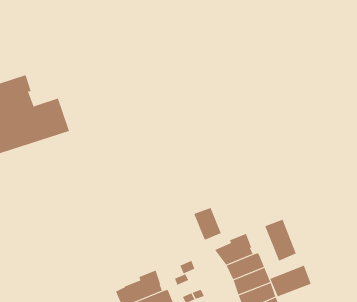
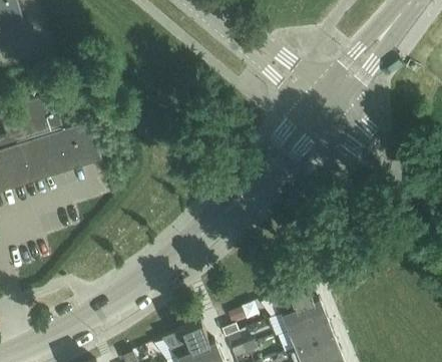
building: [193,207,222,240] -> none
building: [264,219,297,262] -> none
building: [270,265,311,297] -> none

